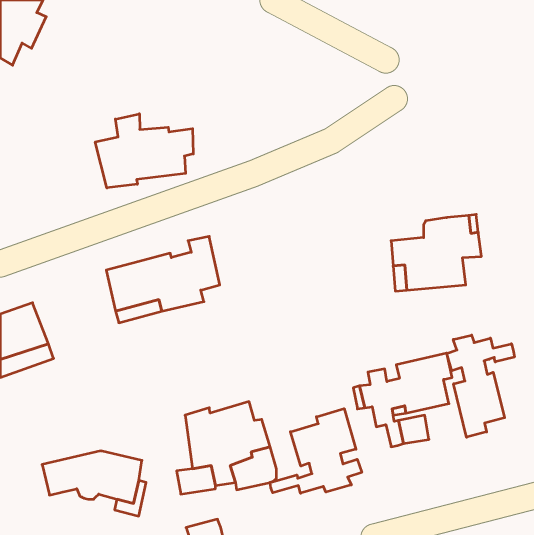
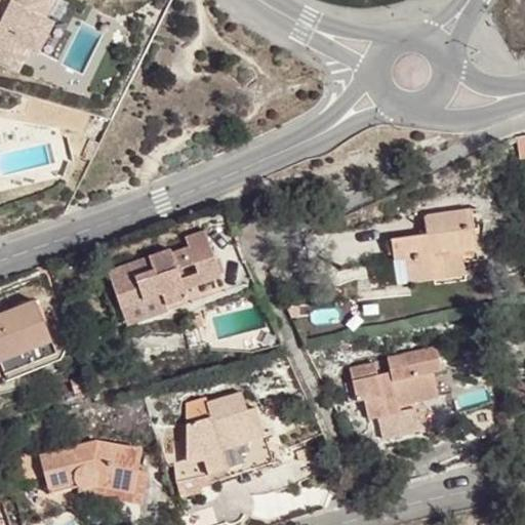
building: [95,114,193,188] -> none
building: [447,335,514,437] -> none
building: [270,409,362,493] -> none

